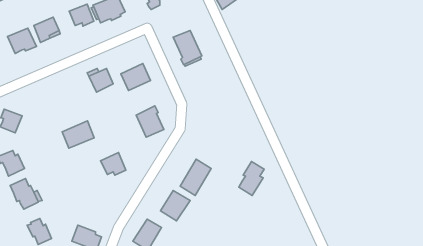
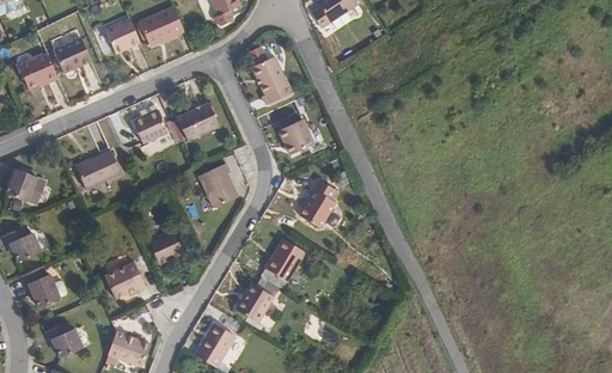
building: none -> [279,118,313,151]
building: [62,121,94,148] -> [75,149,121,188]
building: [239,162,264,195] -> [299,182,335,230]
building: none -> [102,261,146,298]

